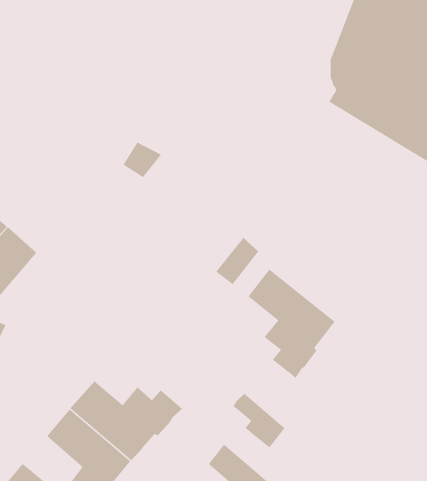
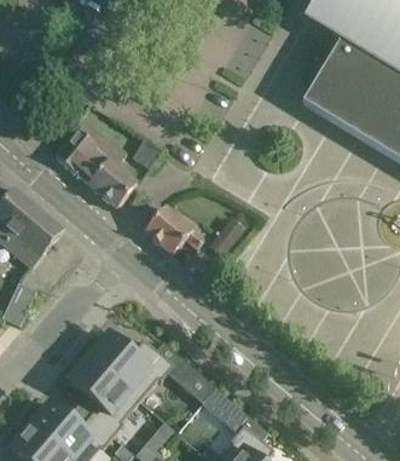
building: none -> [56,129,137,207]
building: none -> [144,207,203,254]
building: [248,269,336,379] -> none
building: [233,393,286,449] -> [172,357,215,403]

